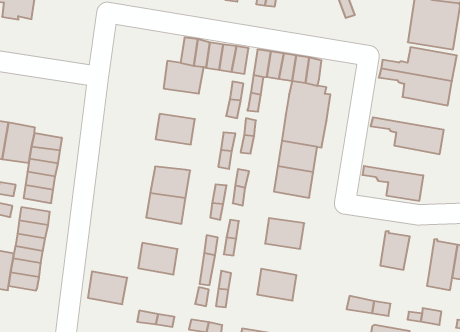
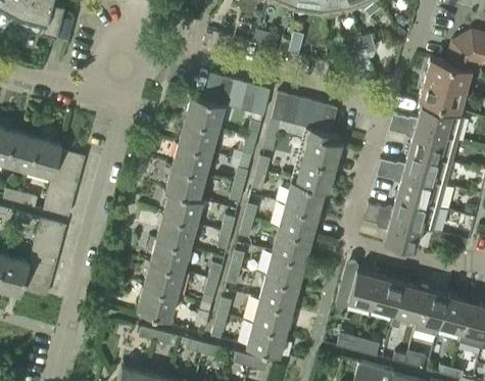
building: none -> [180,121,219,152]
building: none -> [380,151,451,186]
building: none -> [166,168,206,199]
building: none -> [367,196,439,231]
building: none -> [273,228,312,260]
building: none -> [151,240,190,273]
building: none -> [337,271,381,308]
building: none -> [392,283,426,328]
building: none -> [260,276,299,308]
building: [88,271,127,304] -> [139,287,178,321]
building: none -> [247,323,287,355]

